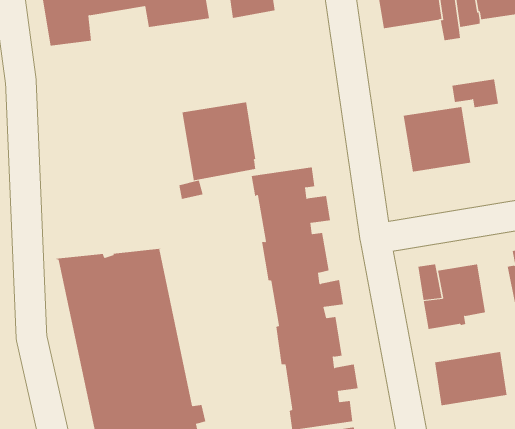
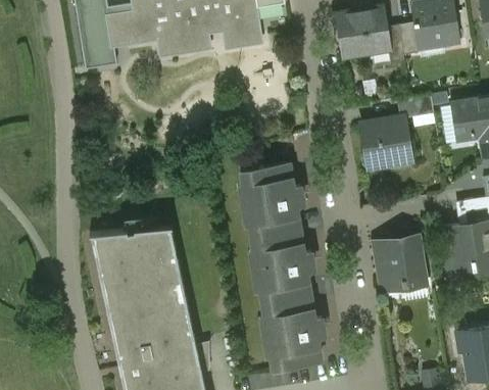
building: [182,101,256,181] -> none
building: [434,351,507,406] -> none

